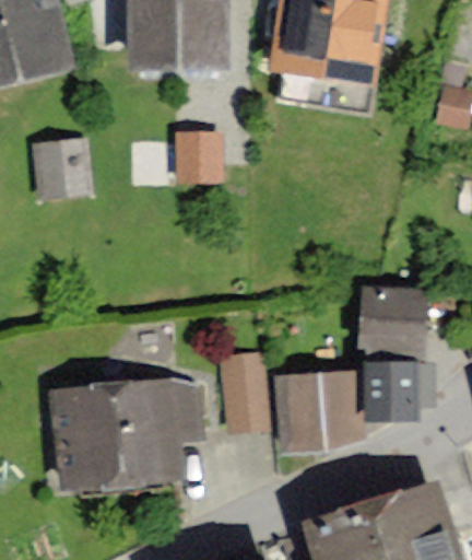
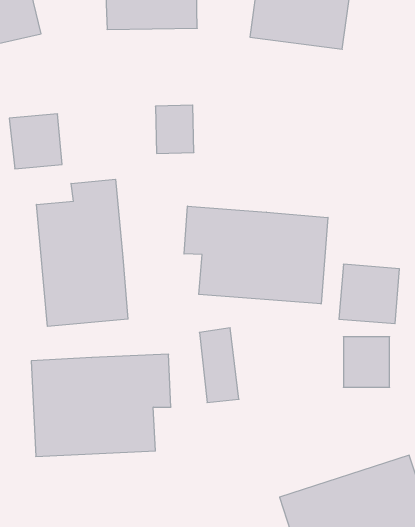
building: none -> [36,179,128,326]
building: none -> [184,206,328,304]
building: [280,376,351,455] -> none

